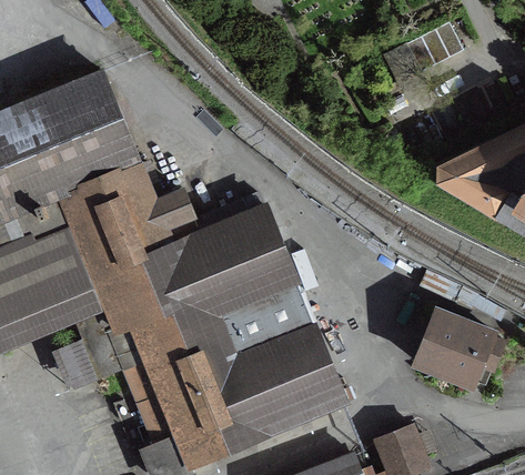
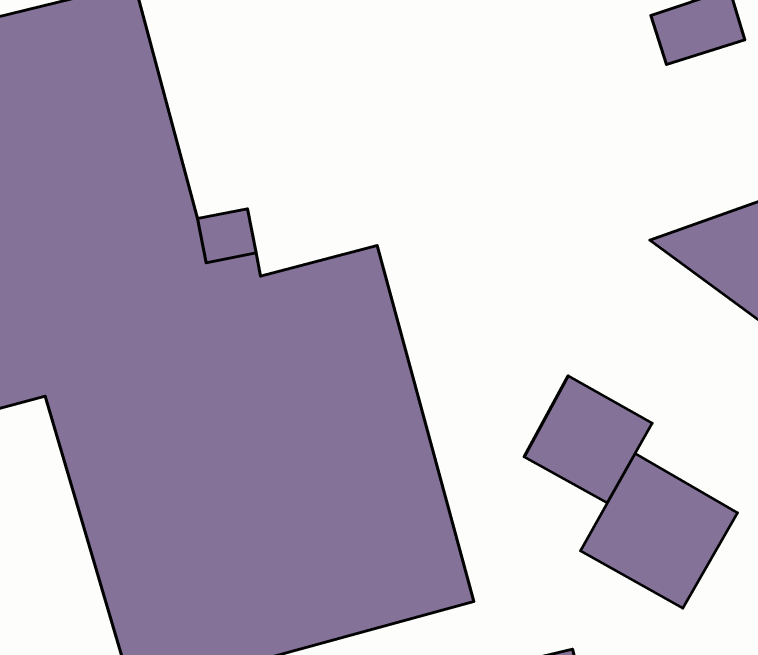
building: none -> [524,376,652,503]

